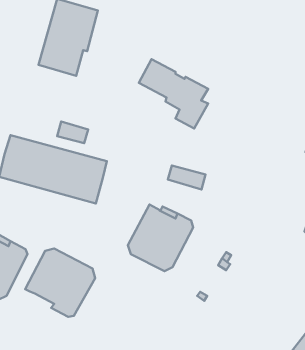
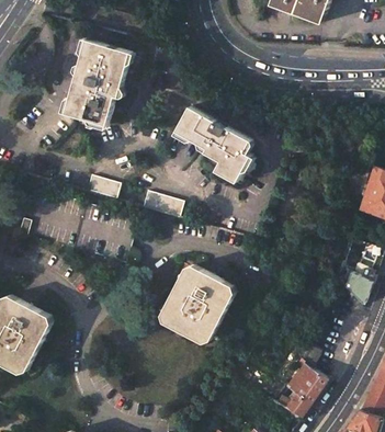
building: [168,166,205,189] -> [140,192,182,218]
building: [25,248,95,317] -> none
building: none -> [278,362,327,417]

